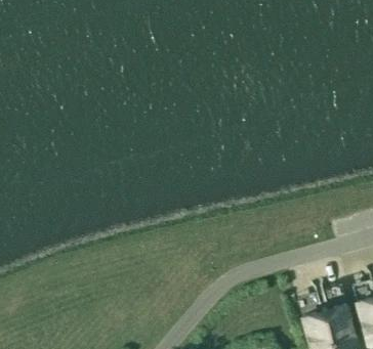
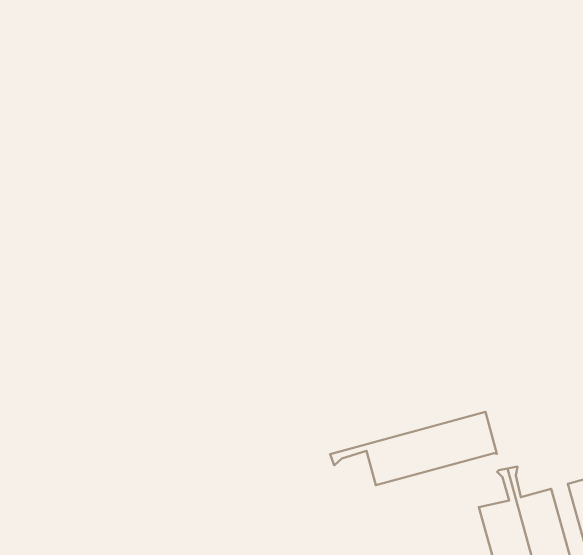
building: none -> [330,412,497,485]

